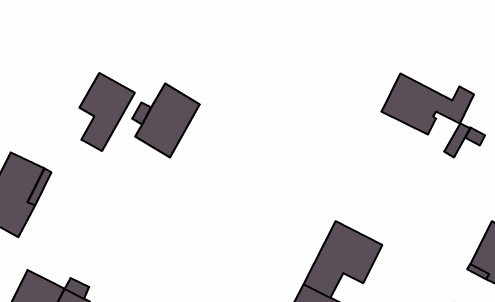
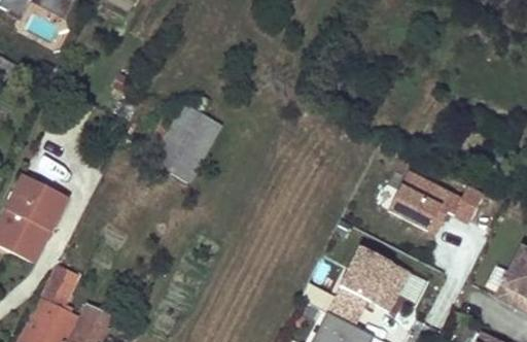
building: [80,73,135,151] -> none
building: [381,74,474,134] -> [389,171,485,234]
building: none -> [42,254,79,307]

